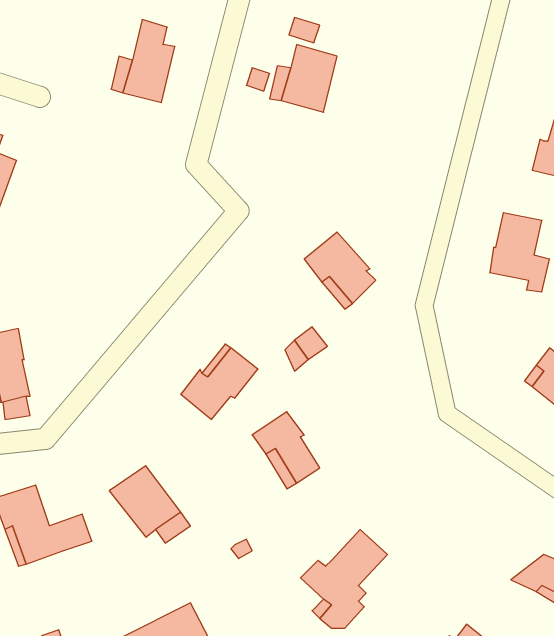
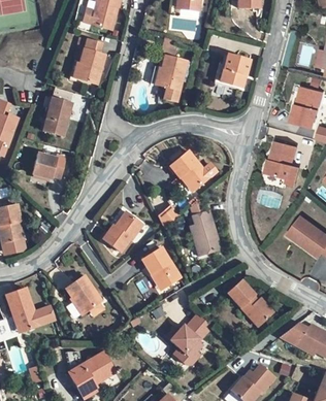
building: none -> [221,54,250,87]
building: none -> [42,103,71,139]
building: none -> [34,156,68,181]
building: none -> [191,196,220,258]
building: none -> [228,283,270,323]

